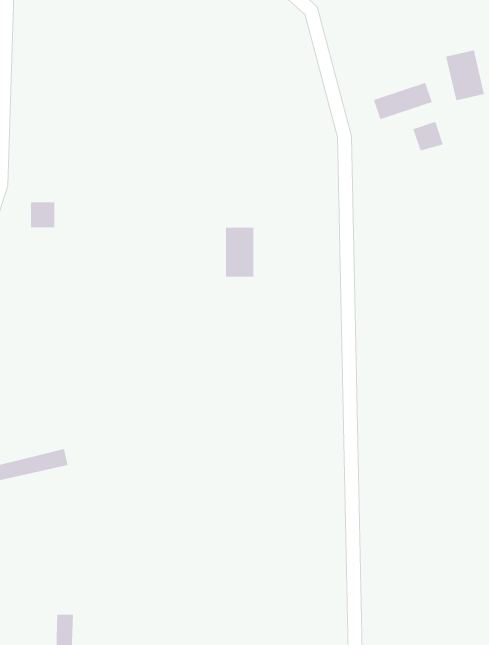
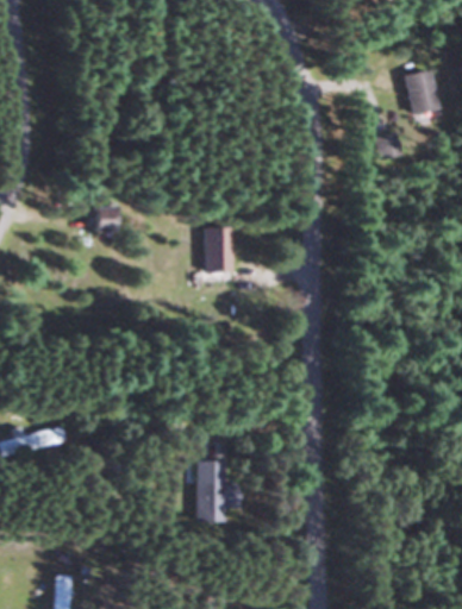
building: [373,82,433,120] -> none
building: [30,202,55,228] -> [94,208,117,232]
building: none -> [196,462,238,511]

